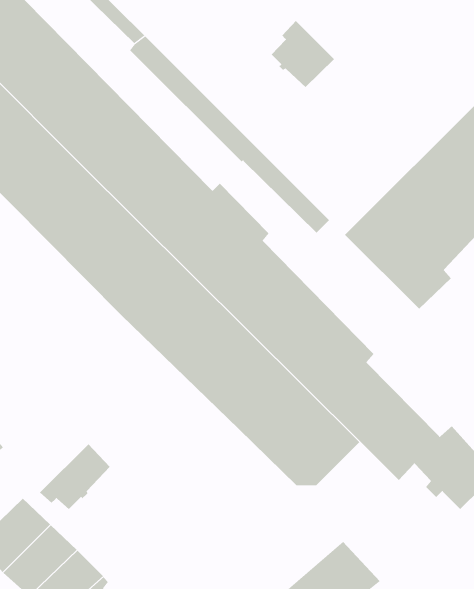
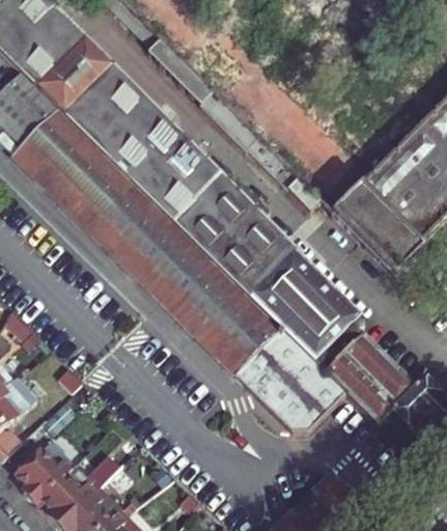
building: [271,20,335,88] -> none
building: [39,443,111,510] -> none

